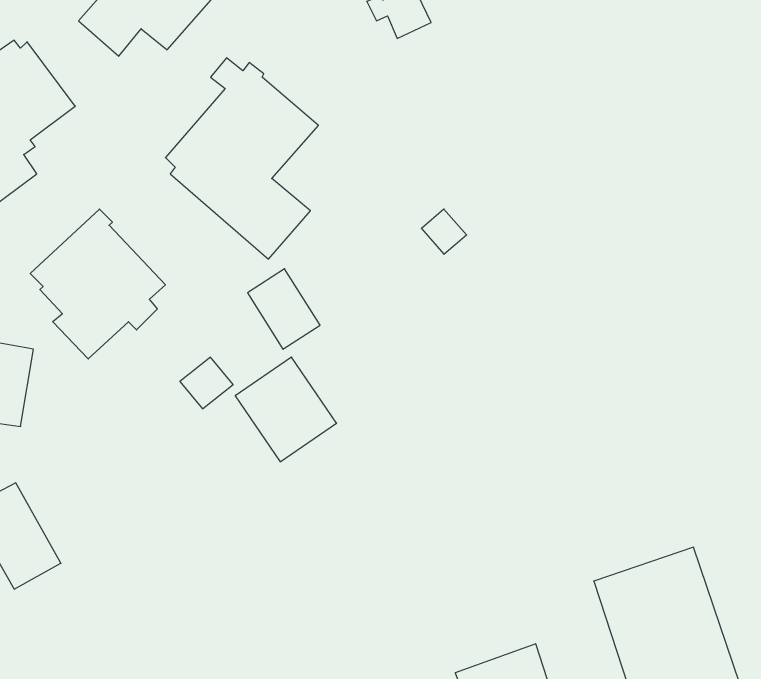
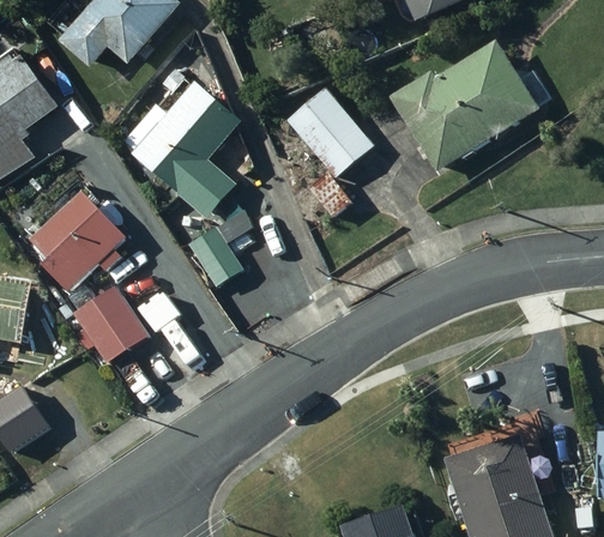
building: none -> [392,41,539,170]
building: none -> [285,88,372,177]
building: [235,357,337,462] -> [72,285,147,363]

